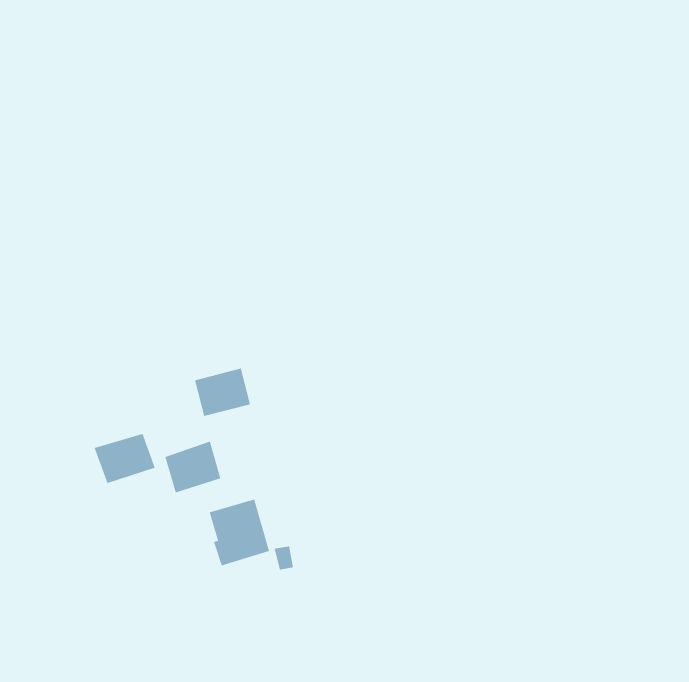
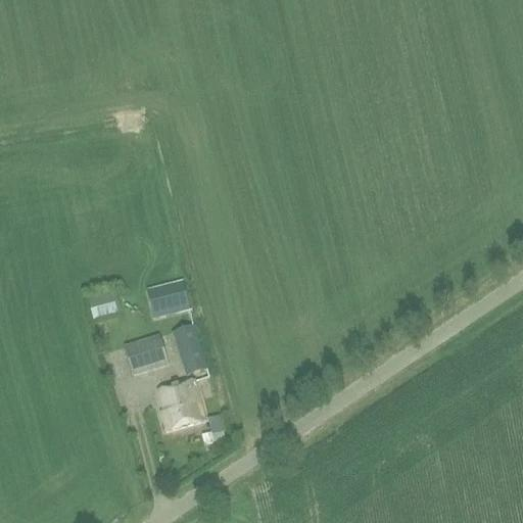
building: none -> [173,323,206,373]
building: [94,433,155,484] -> none

